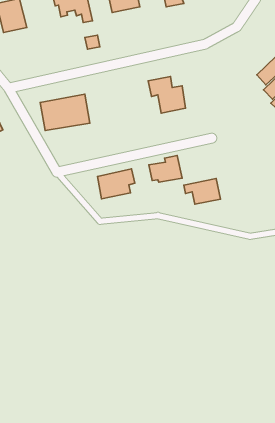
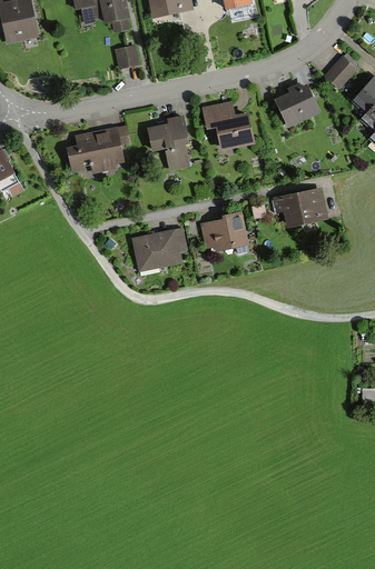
building: none -> [323,58,355,91]
building: none -> [274,87,318,128]
building: none -> [147,117,190,170]
building: [184,178,220,204] -> [277,188,326,222]

